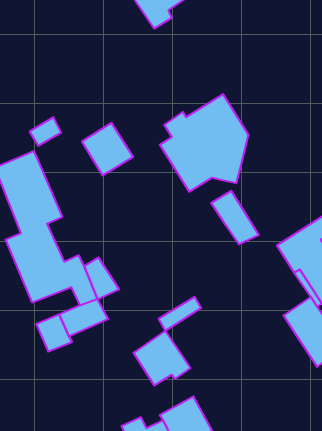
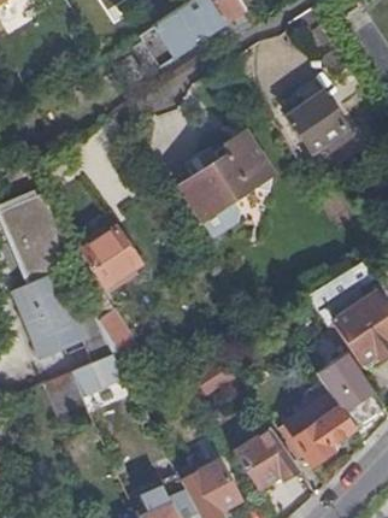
building: none -> [288,82,351,152]
building: [82,123,133,175] -> [83,228,140,286]
building: [211,191,259,245] -> none
building: [133,331,190,386] -> [236,429,299,489]
building: none -> [284,394,354,467]

